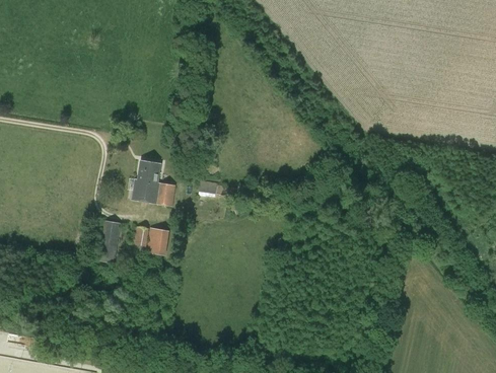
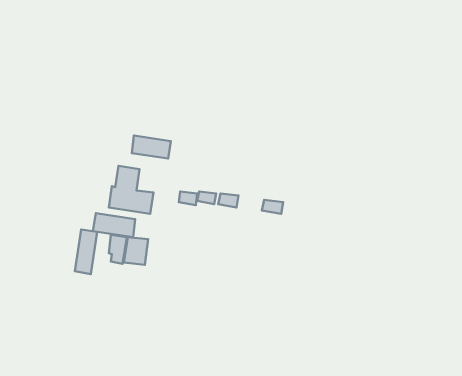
building: none -> [132,135,171,158]
building: none -> [93,213,135,237]

